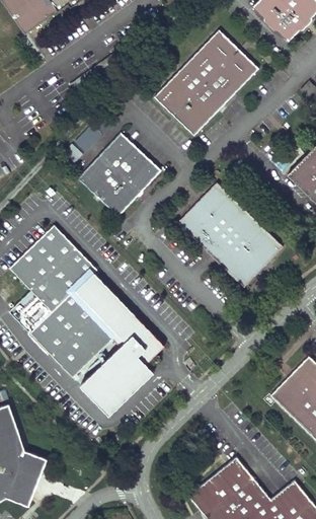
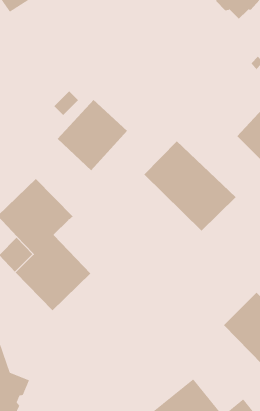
building: [153,30,256,136] -> none
building: [72,273,164,422] -> none

